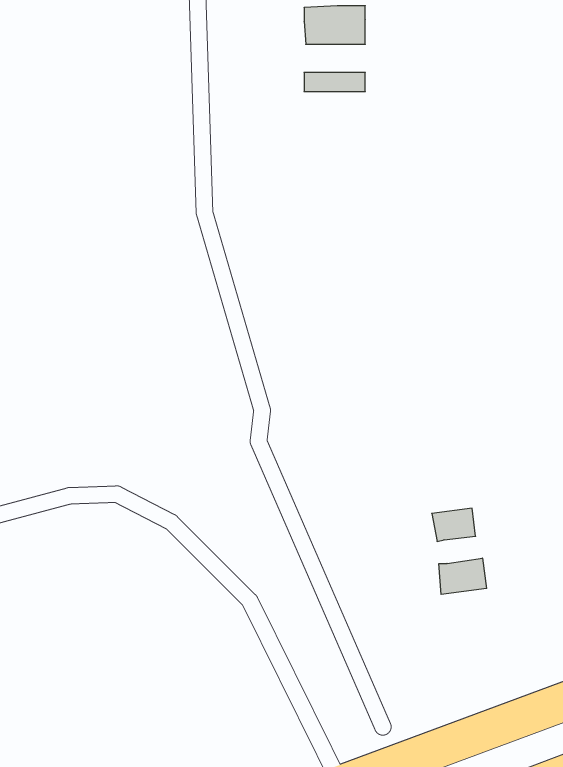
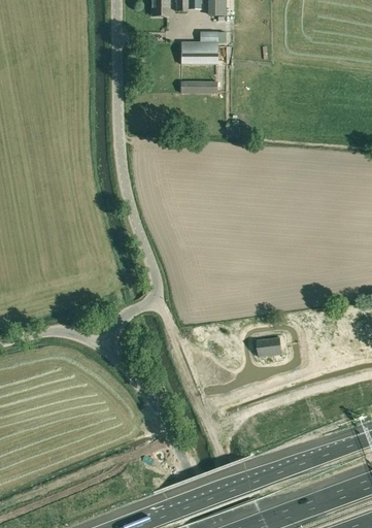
building: [439,558,487,594] -> none

